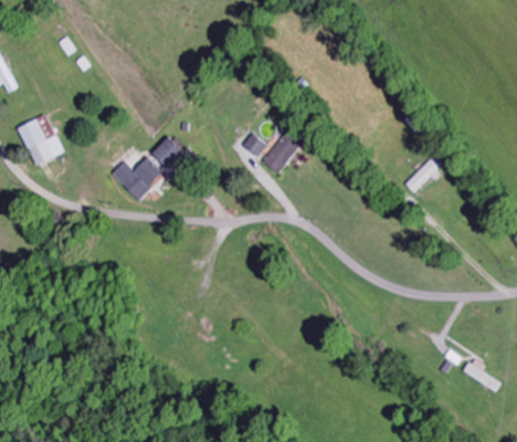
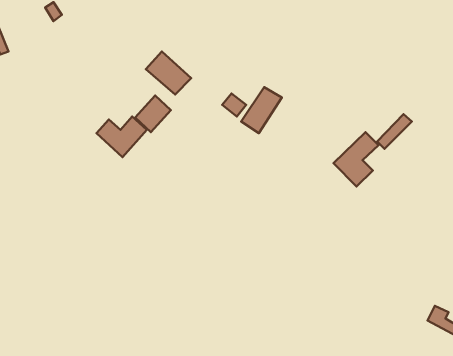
building: none -> [146,52,191,95]
building: [20,115,65,165] -> none
building: none -> [334,132,379,186]

